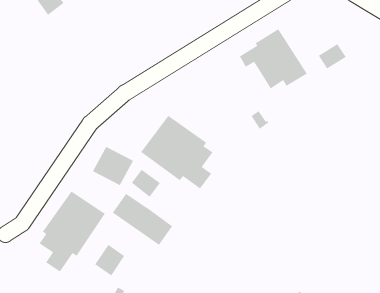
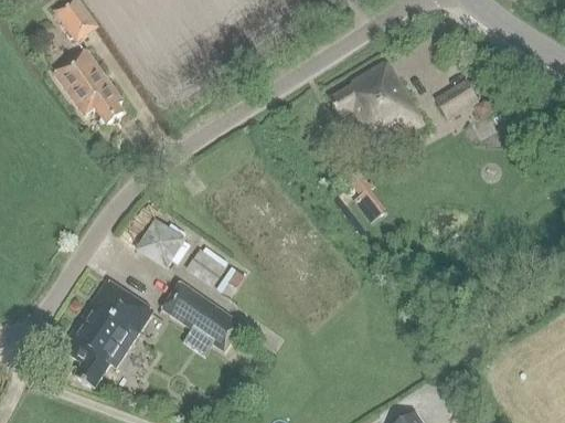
building: none -> [52,49,122,124]
building: [140,115,213,189] -> none
building: [94,244,125,276] -> none

